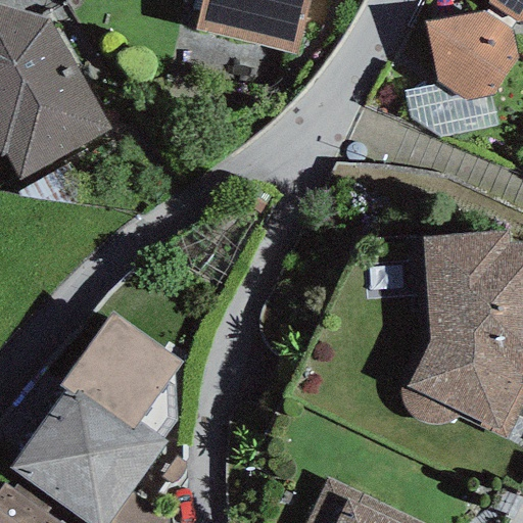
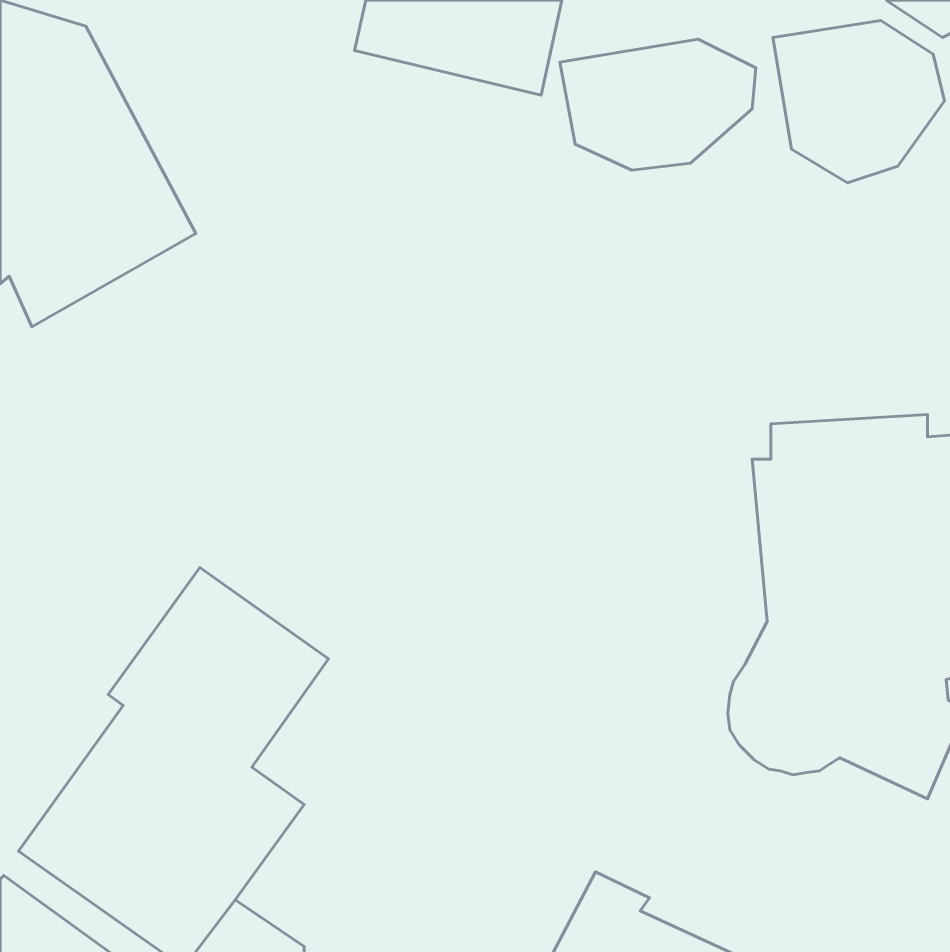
building: none -> [560,39,756,170]

